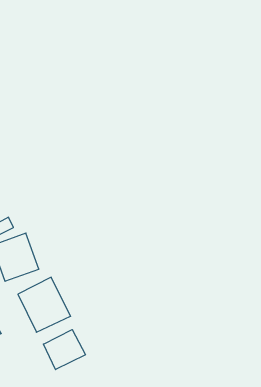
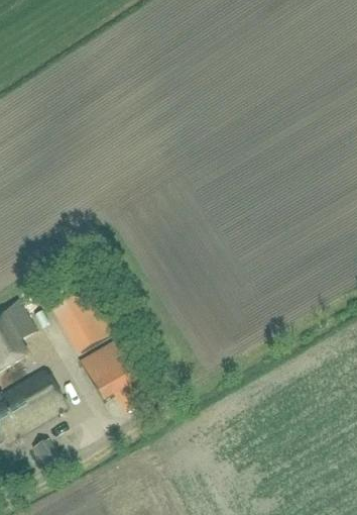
building: [43,330,85,370] -> none

